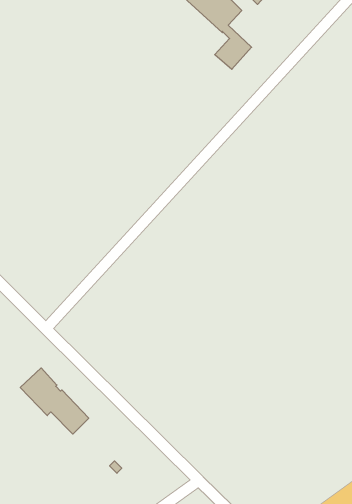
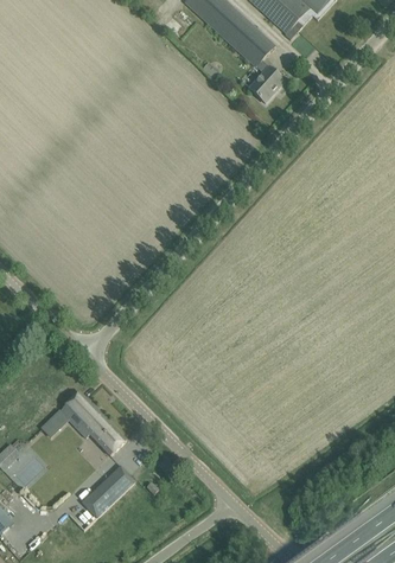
building: none -> [82,466,134,517]

